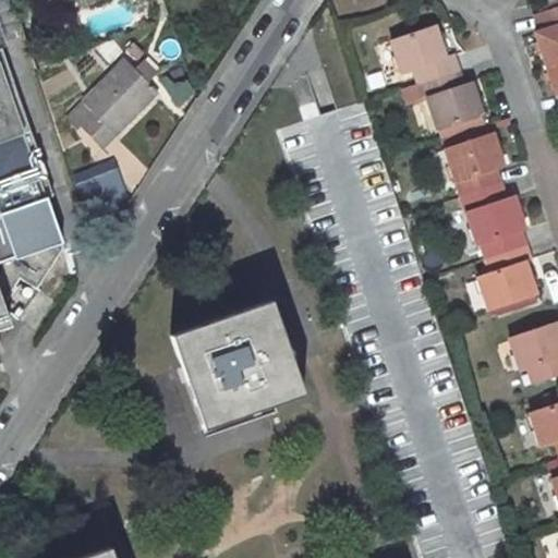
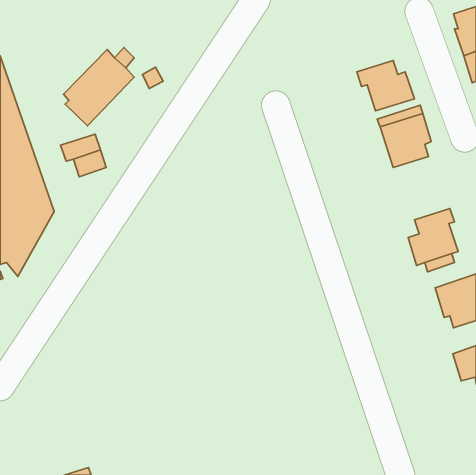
building: [391,26,460,84] -> none
building: [460,183,526,257] -> none
building: [175,301,298,426] -> none

